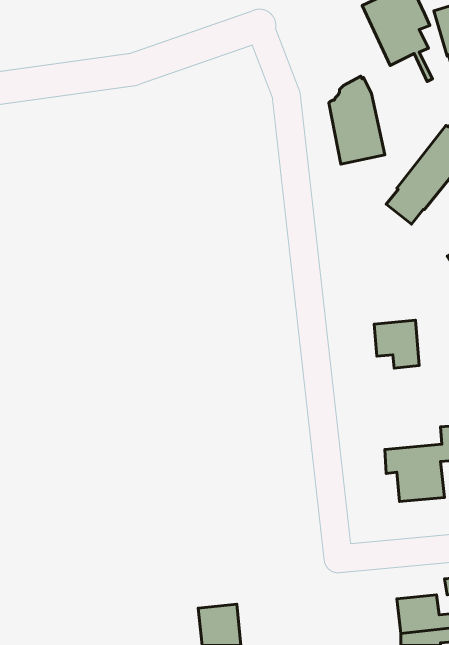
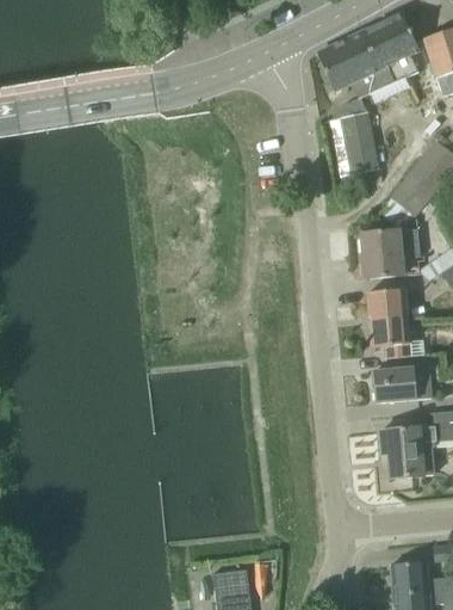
building: none -> [318,33,385,99]
building: none -> [362,228,421,278]
building: none -> [368,289,408,319]
building: none -> [374,366,432,402]

